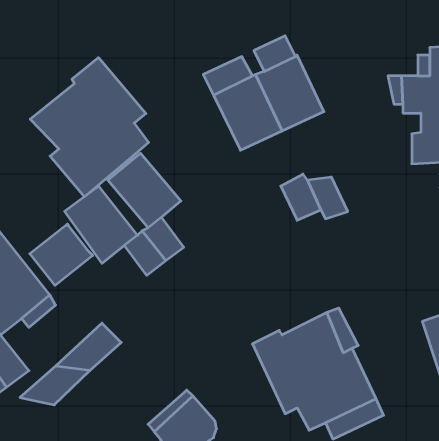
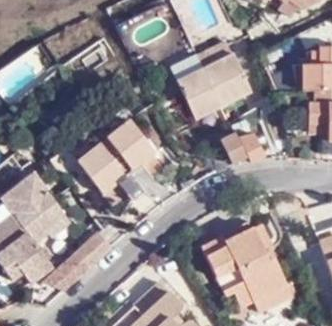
building: [30,58,149,197] -> none
building: [30,224,93,285] -> none

